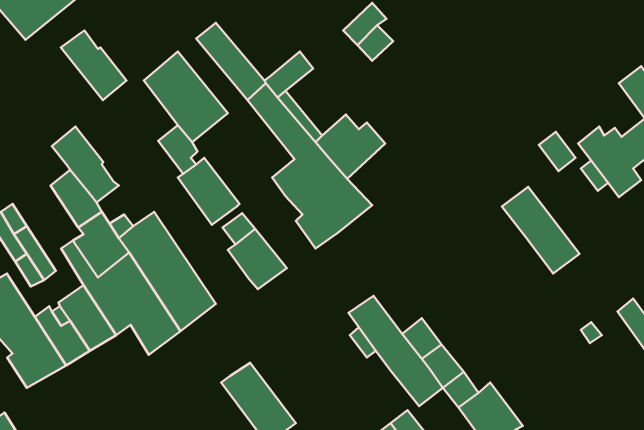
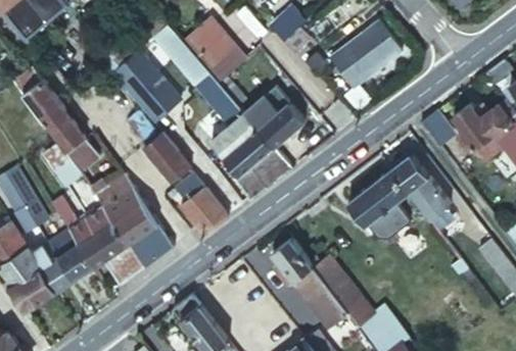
building: none -> [189,22,235,68]
building: none -> [342,23,401,80]
building: [61,31,127,100] -> [9,68,60,122]
building: none -> [350,169,412,237]

